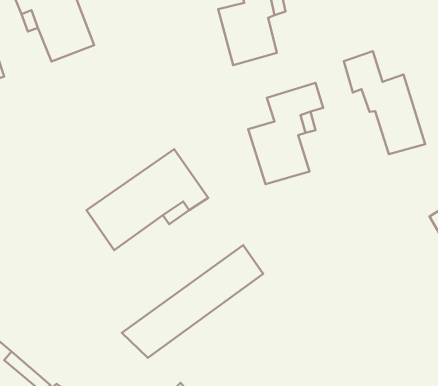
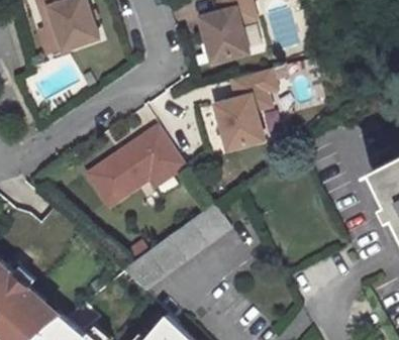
building: [344,51,425,154] -> none

